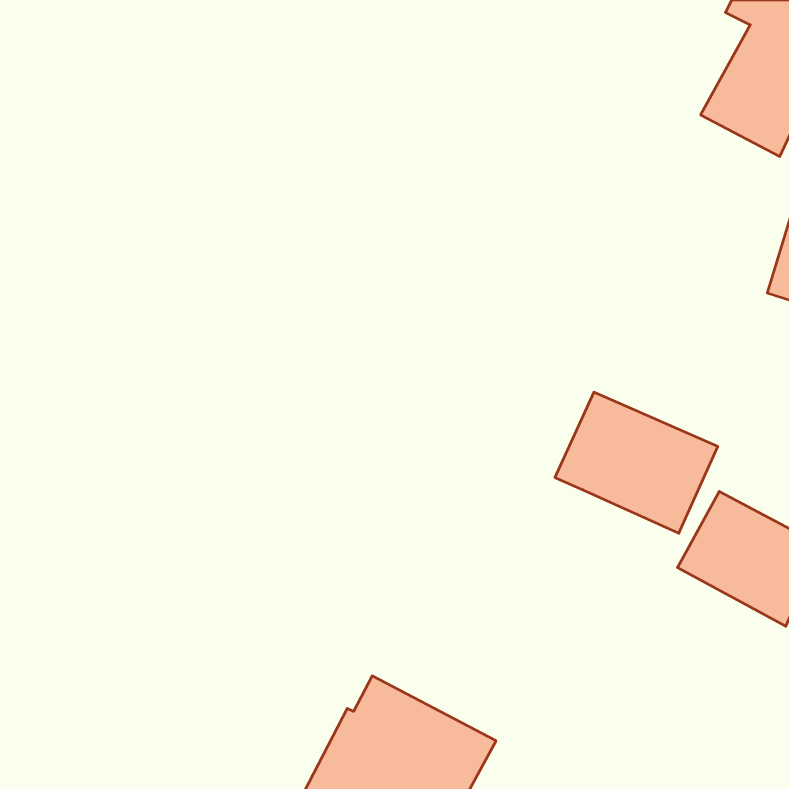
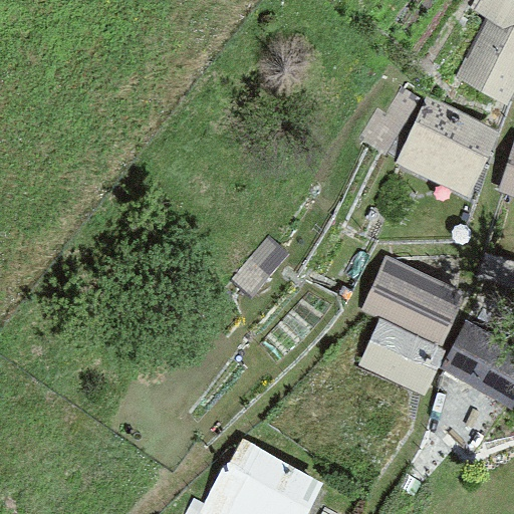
building: none -> [397,98,498,197]
building: none -> [358,319,448,396]

